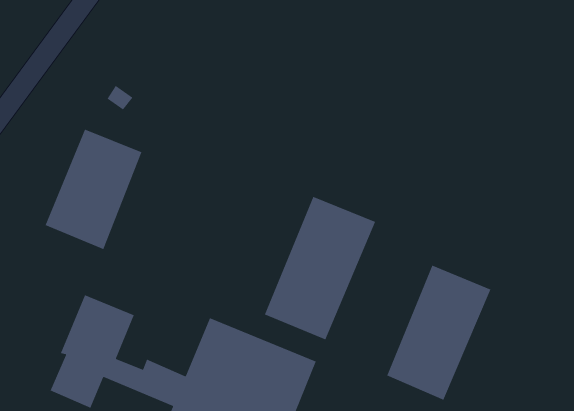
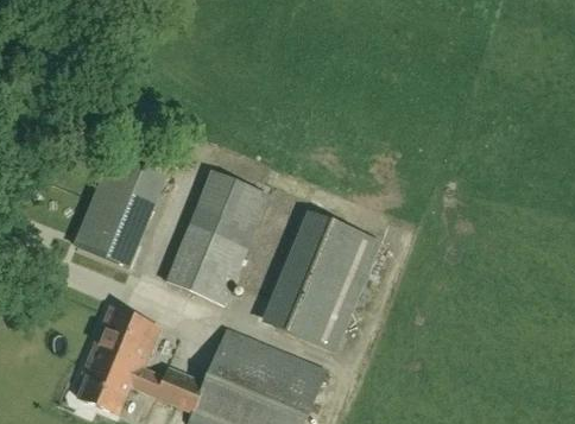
building: none -> [166,171,268,304]
building: [386,265,491,401] -> none

